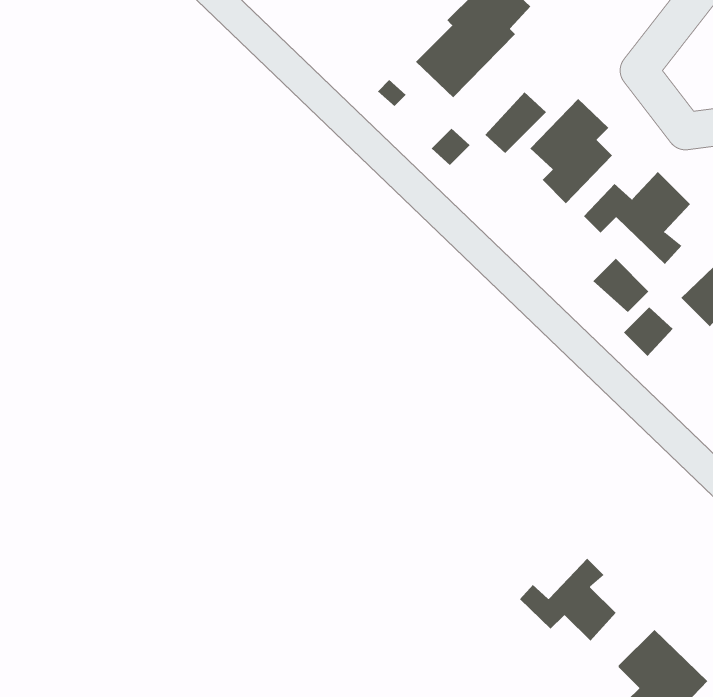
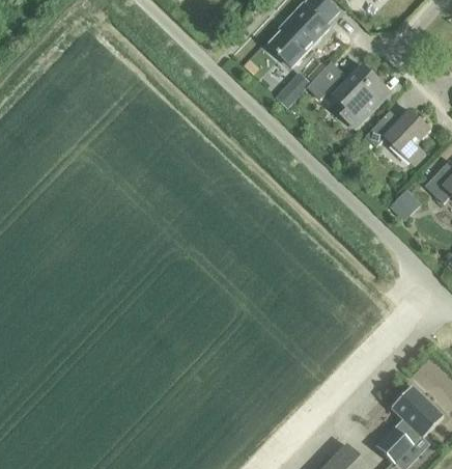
building: [592,258,649,313] -> none
building: [519,558,617,641] -> none

